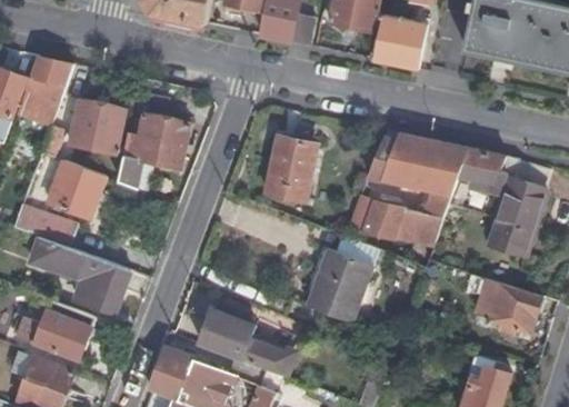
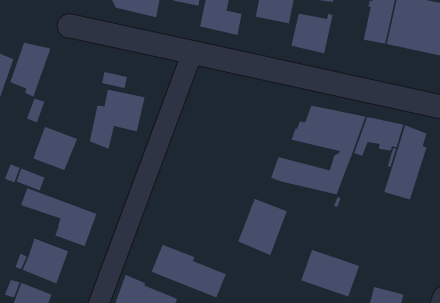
building: [68,99,124,152] -> none
building: [264,137,317,204] -> none
building: [472,277,548,338] -> [300,249,360,297]

